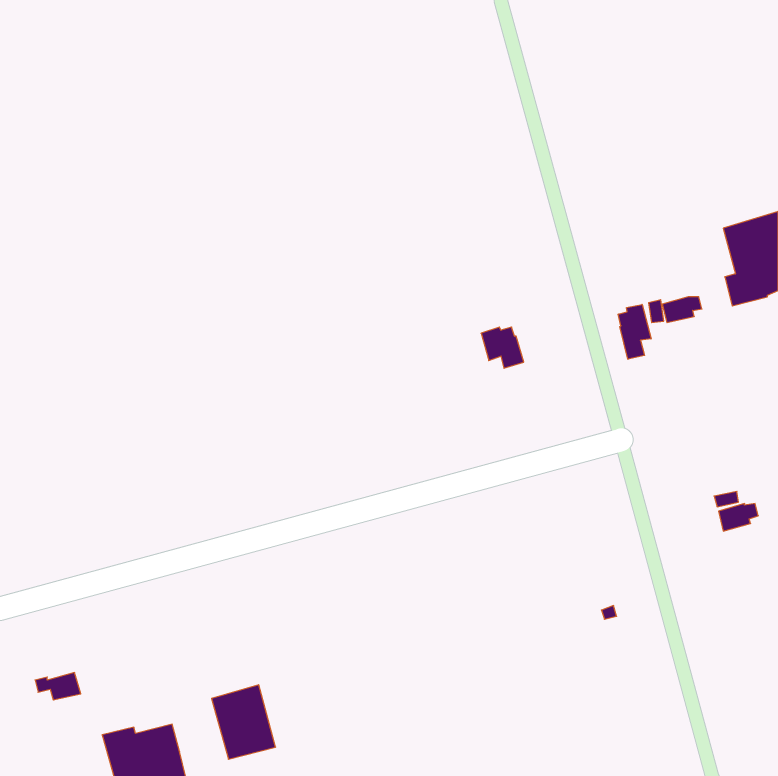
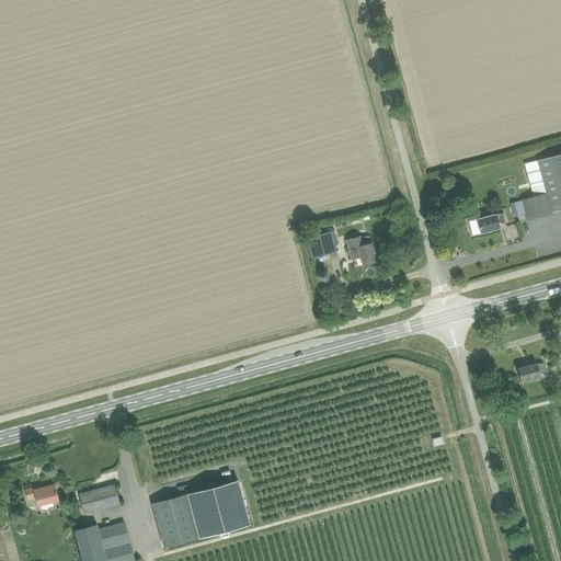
building: [618,304,651,359] -> none
building: none -> [307,232,336,259]
building: none -> [186,481,250,539]
building: none -> [79,485,119,514]

